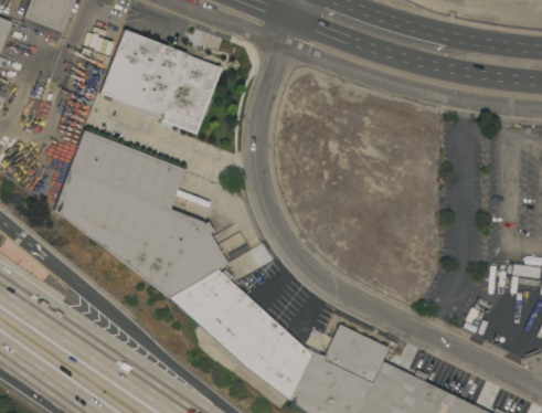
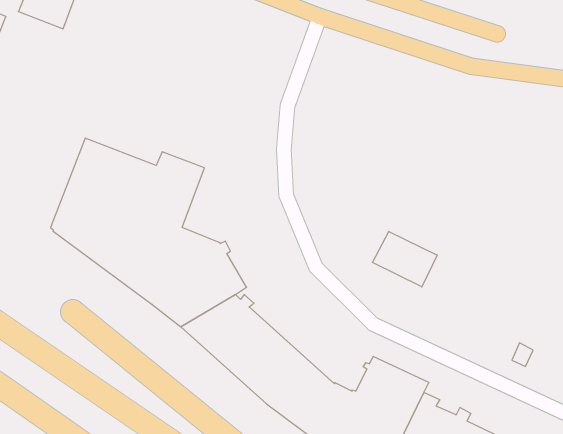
building: [102,30,221,131] -> none
building: none -> [372,231,437,287]

